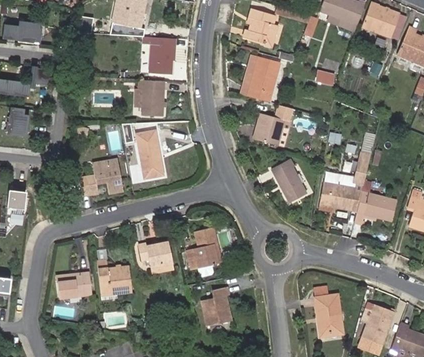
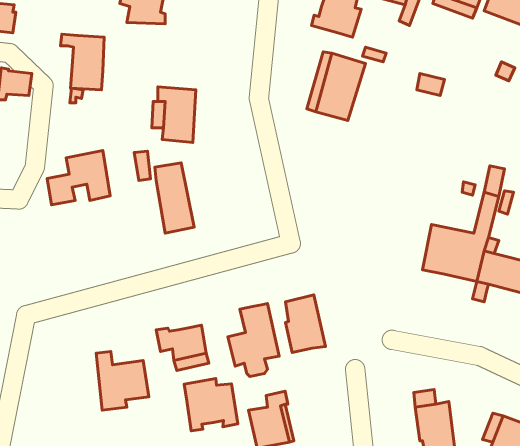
building: [143,36,173,74] -> [60,34,104,90]
building: [253,105,293,146] -> none
building: [80,159,123,196] -> [47,151,110,205]
building: [271,160,307,203] -> none
building: none -> [286,295,325,352]
building: [57,273,90,298] -> none
building: none -> [184,378,238,431]

